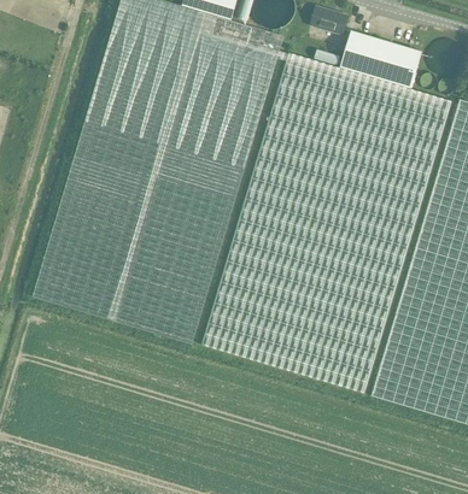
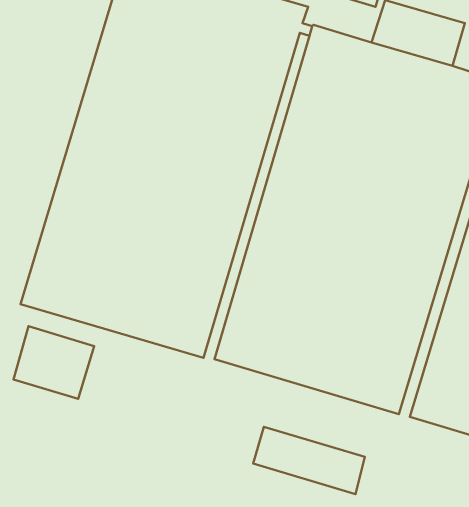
building: none -> [14,326,94,399]
building: none -> [253,427,365,494]

